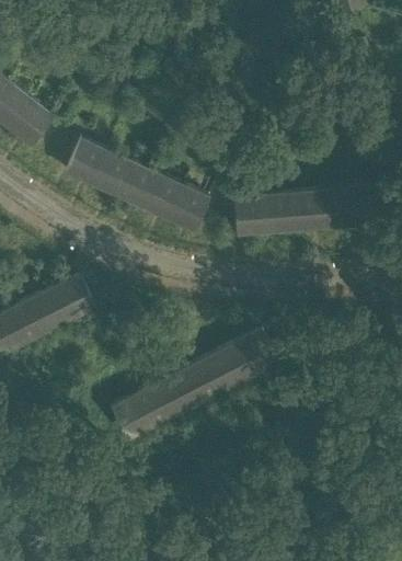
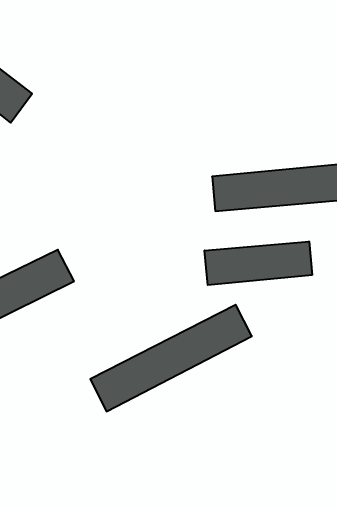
building: [66,139,208,230] -> none
building: none -> [205,241,312,285]

